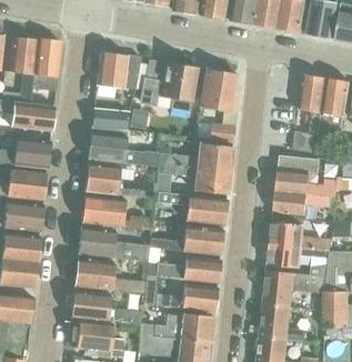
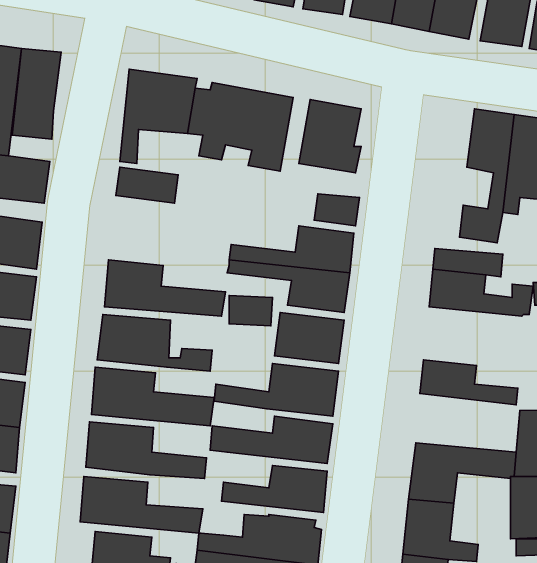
building: [88,132,159,167] -> none
building: [273,191,330,215] -> none
building: [268,242,326,268] -> none

